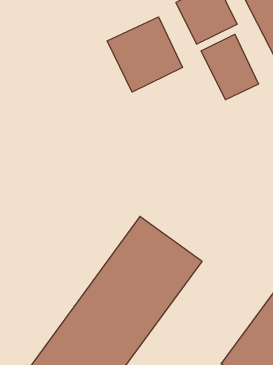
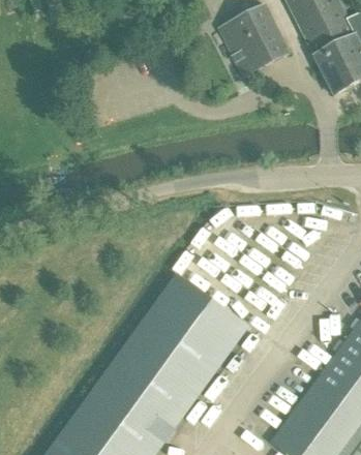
building: [107,17,183,92] -> none
building: [201,34,259,100] -> none

